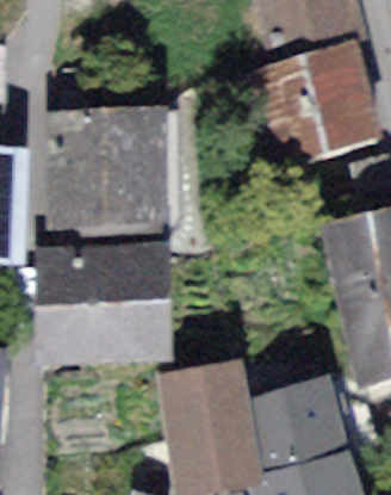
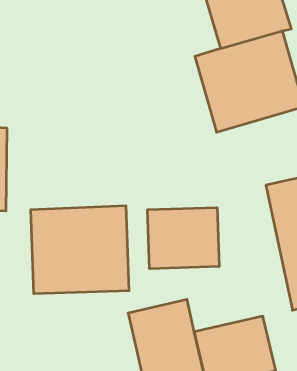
building: [56,116,166,229] -> none
building: none -> [148,208,219,269]

